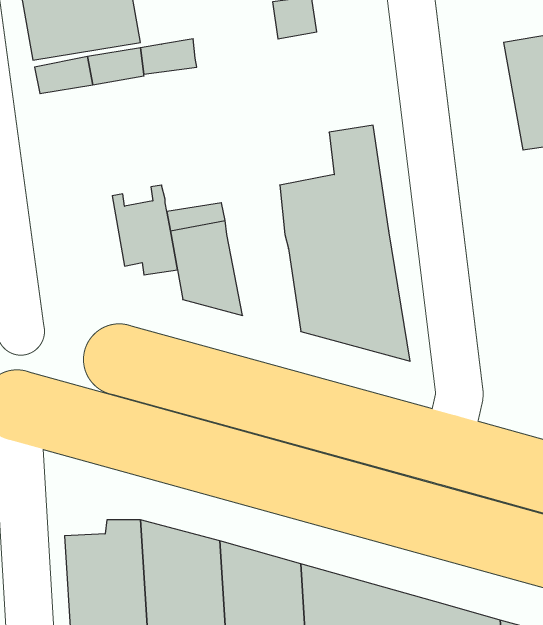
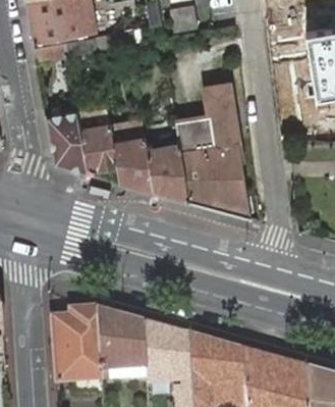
building: none -> [47,110,88,171]
building: none -> [146,142,188,199]

